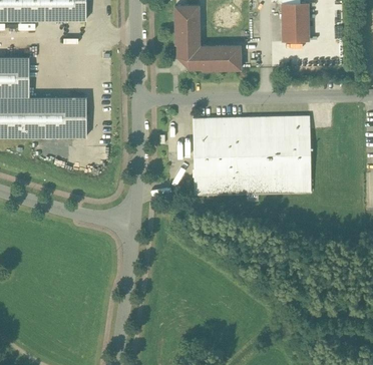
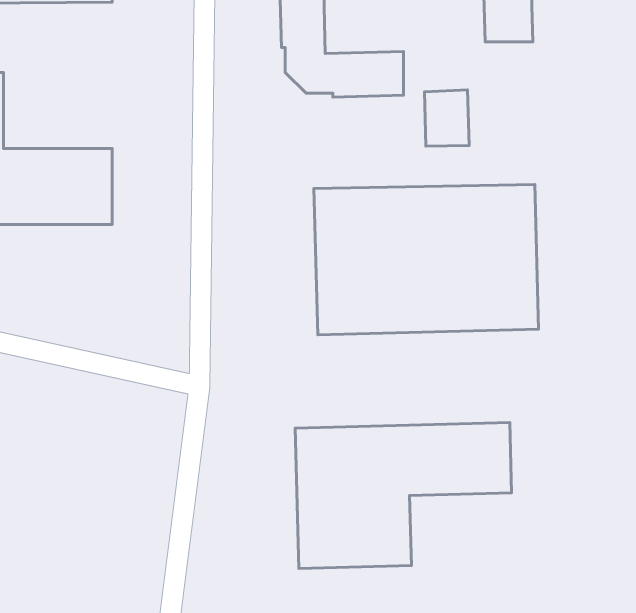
building: none -> [424,90,469,146]
building: none -> [295,423,512,568]

